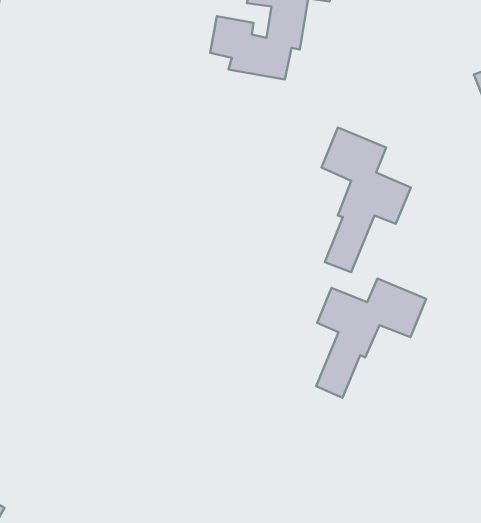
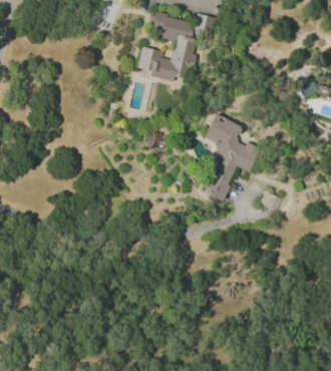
building: [316,279,426,398] -> none

